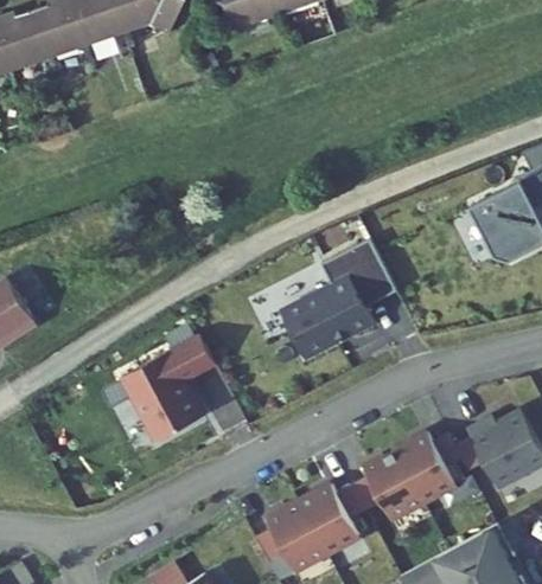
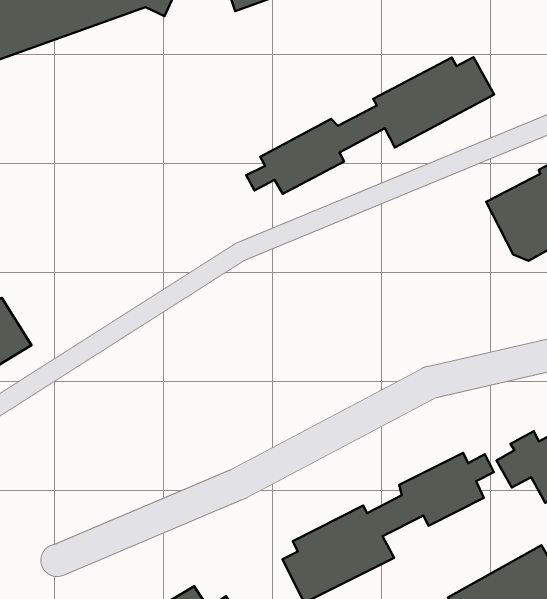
building: none -> [246,57,494,194]
building: [267,239,383,359] -> none
building: [133,329,227,436] -> none

